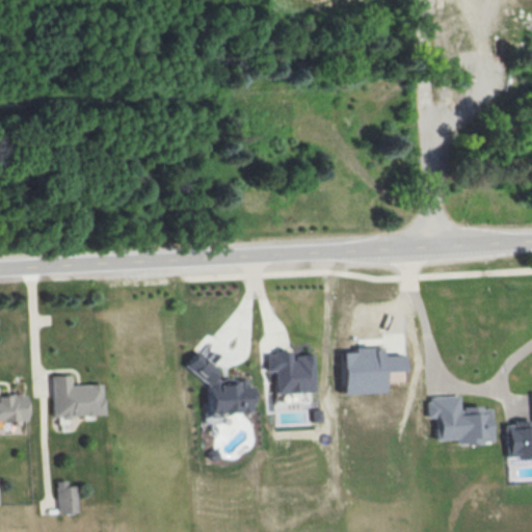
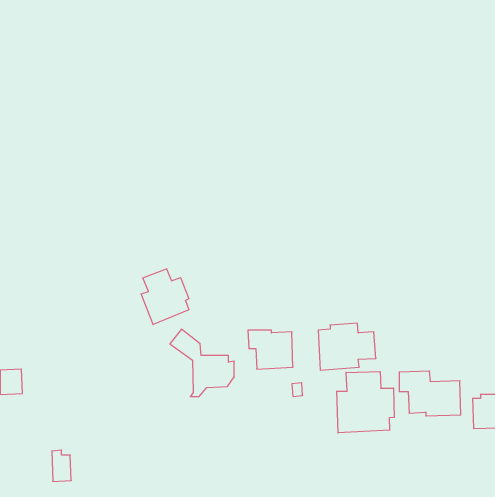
building: none -> [141,269,189,325]
building: [53,376,105,419] -> none
building: none -> [337,372,394,433]

